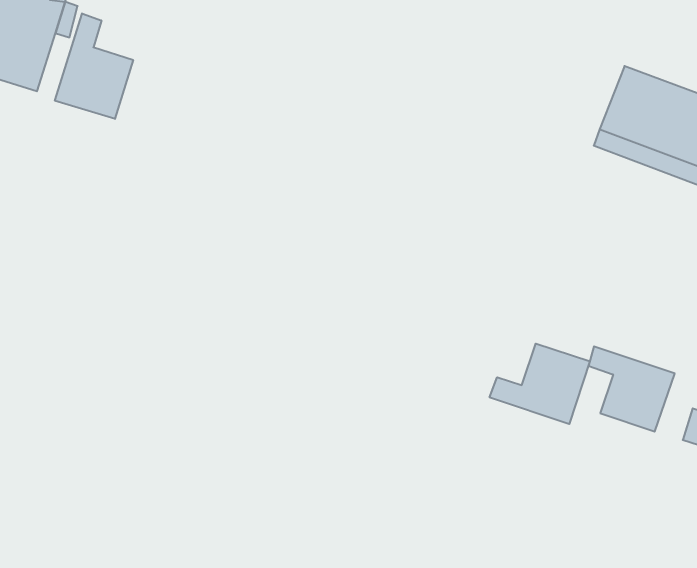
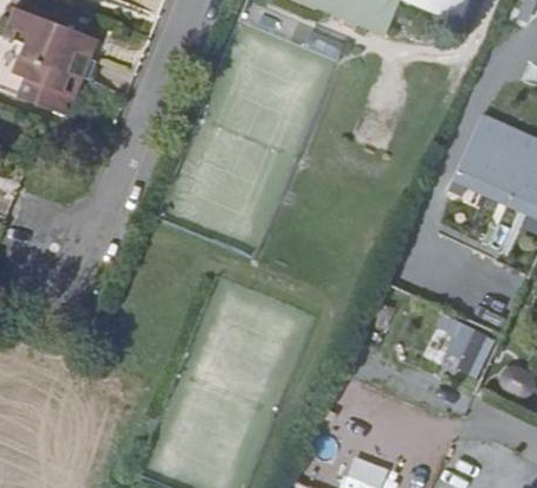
building: [55,13,133,119] -> none
building: [490,344,590,424] -> none

